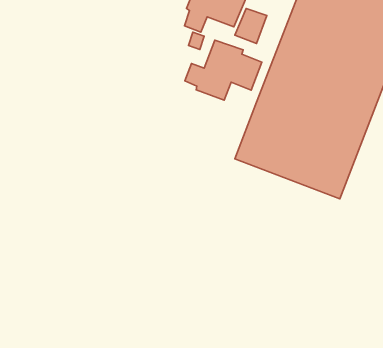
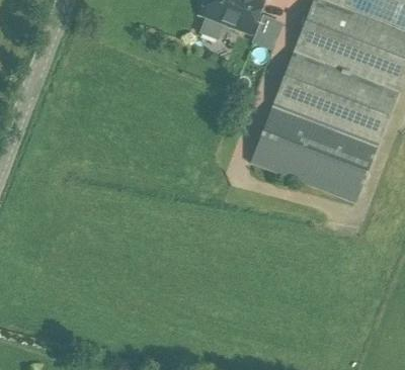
building: [185,40,262,100] -> none

